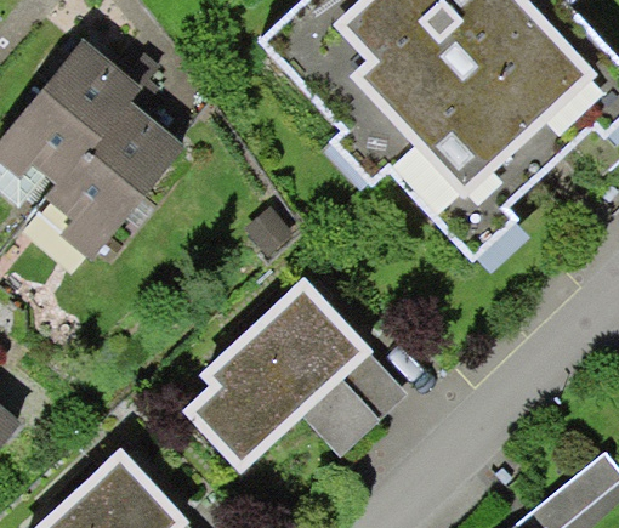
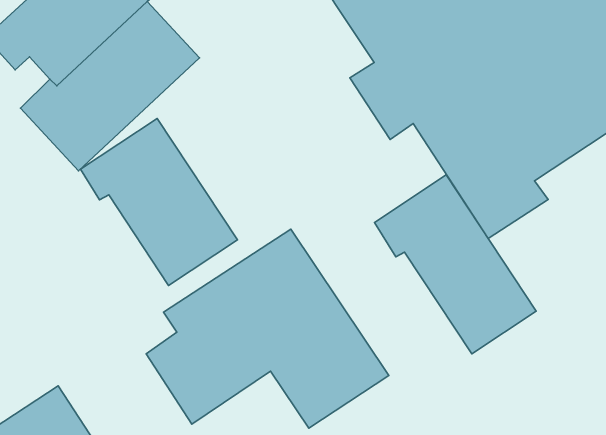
building: none -> [81,118,237,285]
building: none -> [374,175,536,354]

